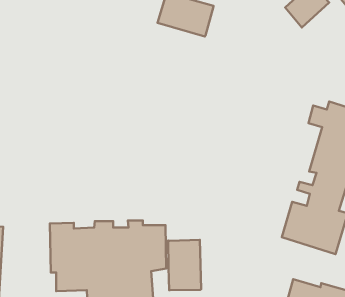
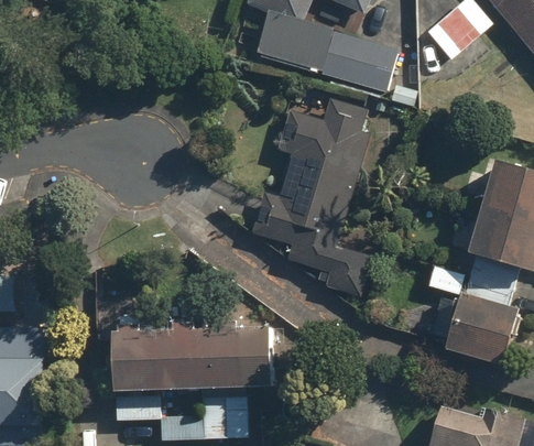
building: none -> [322,31,399,89]
building: none -> [253,97,372,296]
building: [168,240,201,290] -> none

